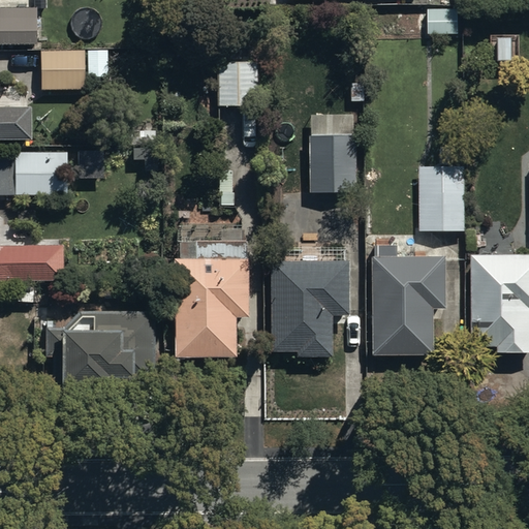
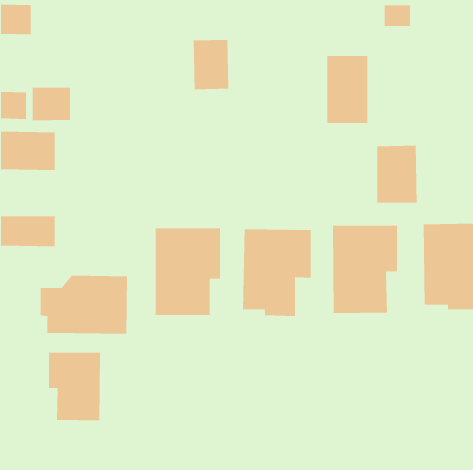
building: [41,52,85,90] -> [32,87,71,121]
building: [309,116,355,192] -> [326,55,368,124]
building: none -> [48,352,101,421]

